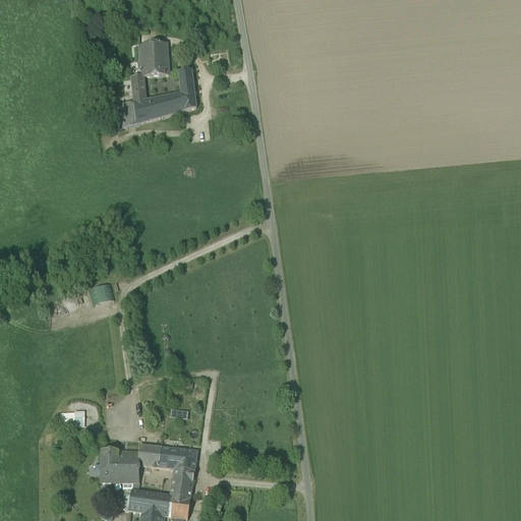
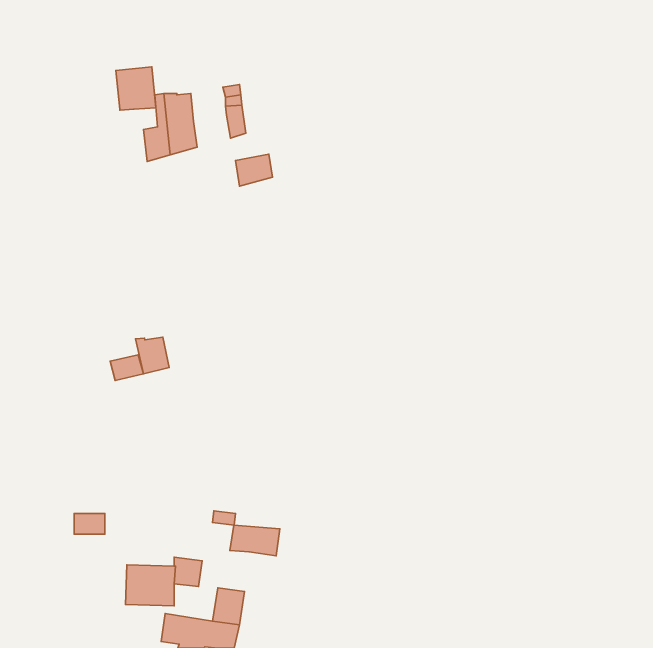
building: [137,41,169,75] -> [116,67,156,110]
building: [154,92,183,117] -> [236,154,273,186]
building: none -> [135,337,169,374]
building: [158,446,197,470] -> [230,525,280,556]

